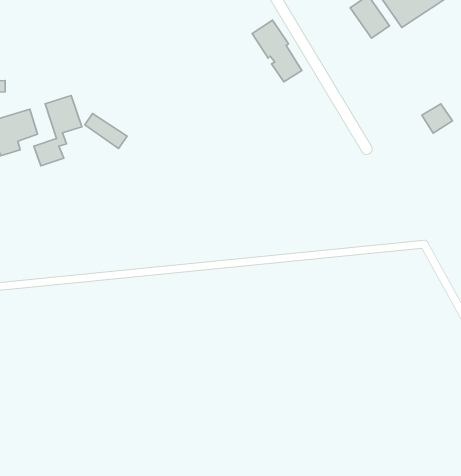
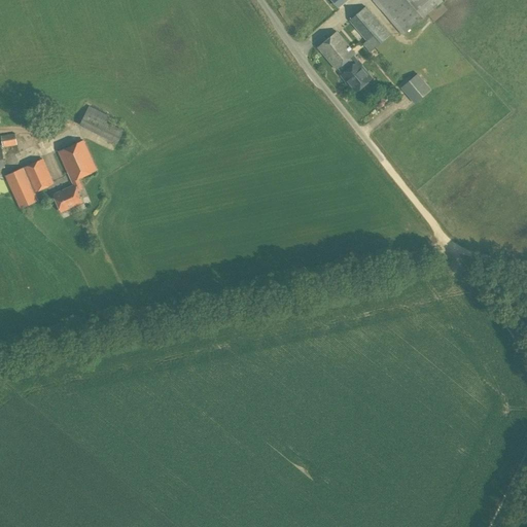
building: [252,20,302,82] -> [317,32,371,92]
building: [422,104,452,133] -> [400,73,431,103]
building: [85,113,127,149] -> [80,111,124,143]

